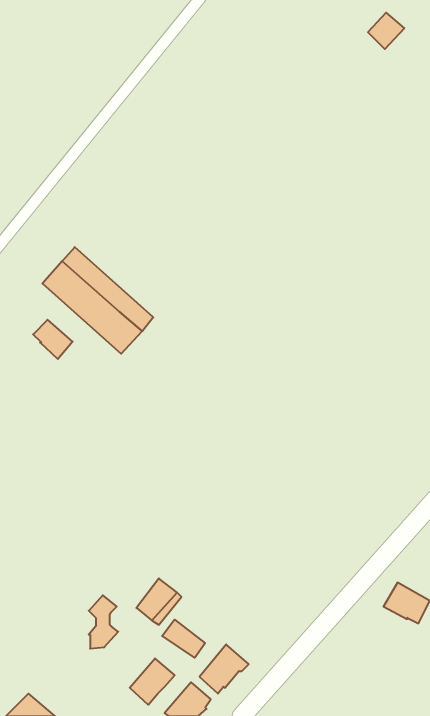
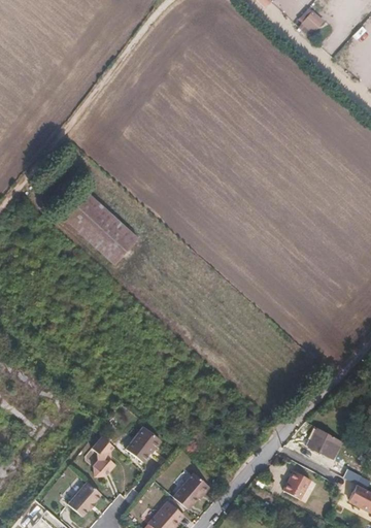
building: [33,320,73,359] -> none
building: [162,620,205,658] -> none
building: none -> [282,470,310,499]
building: [130,658,175,705] -> [67,482,100,516]

